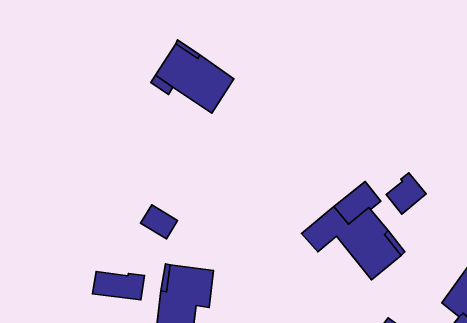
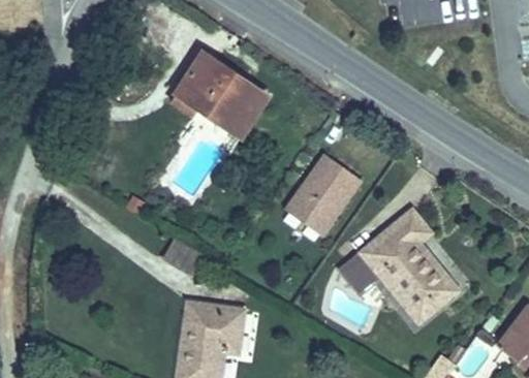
building: none -> [284,153,362,234]
building: [386,173,426,214] -> none
building: [93,271,144,300] -> none

